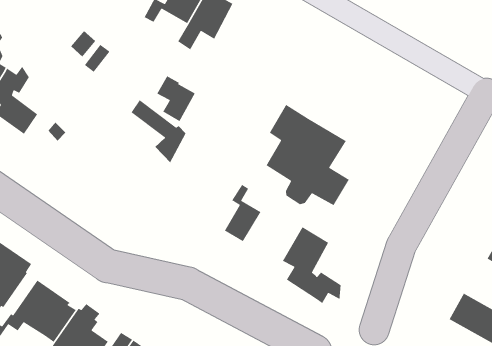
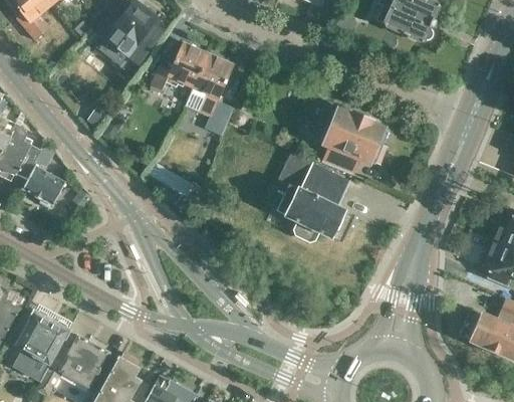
building: none -> [315,106,387,176]
building: [156,75,196,122] -> [197,94,233,137]
building: [224,184,261,242] -> none
building: [282,226,341,304] -> none

